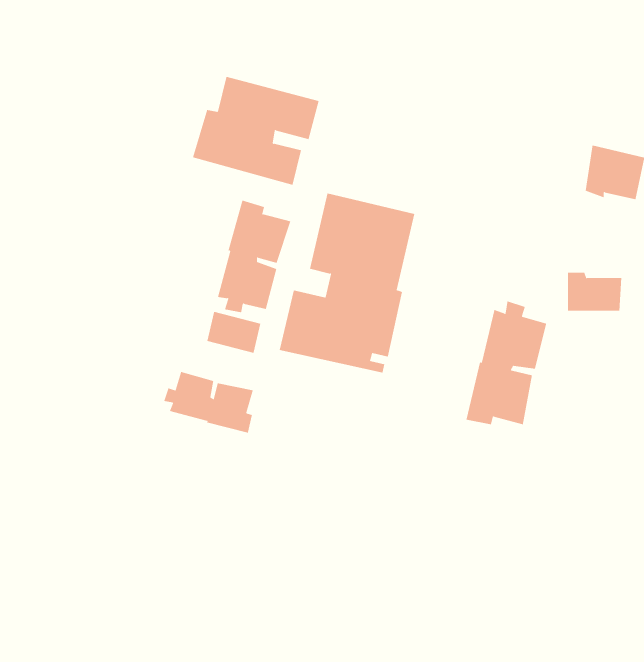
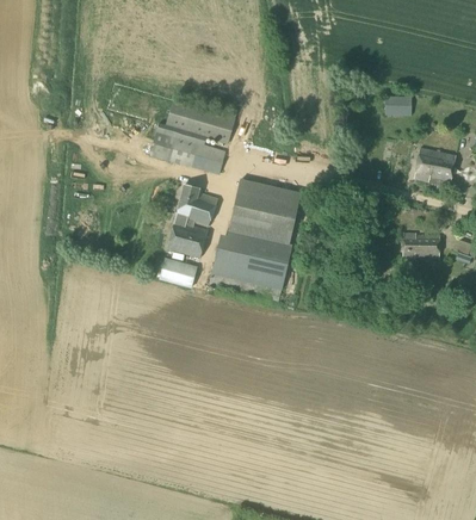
building: none -> [385,95,412,117]
building: [466,301,547,425] -> none
building: [163,371,253,434] -> none

